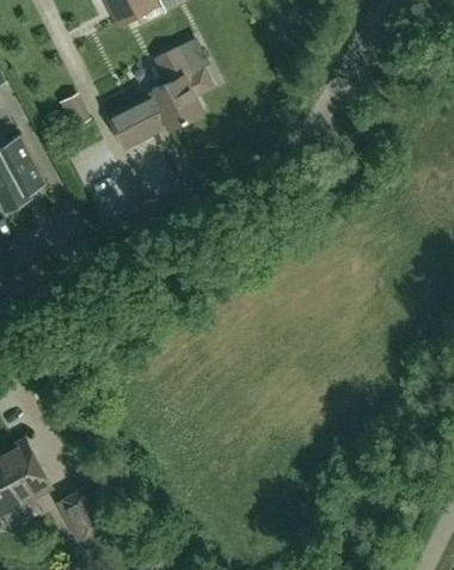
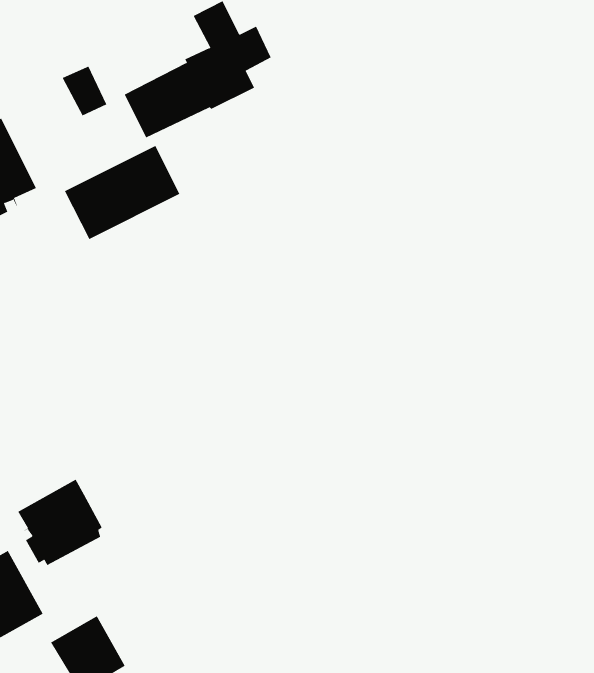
building: none -> [64,145,180,240]
building: none -> [17,479,102,566]

